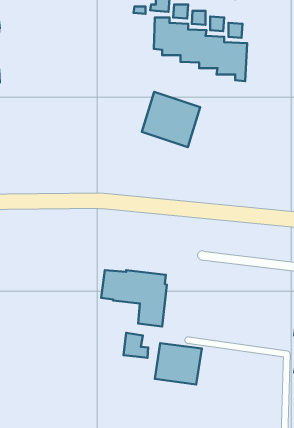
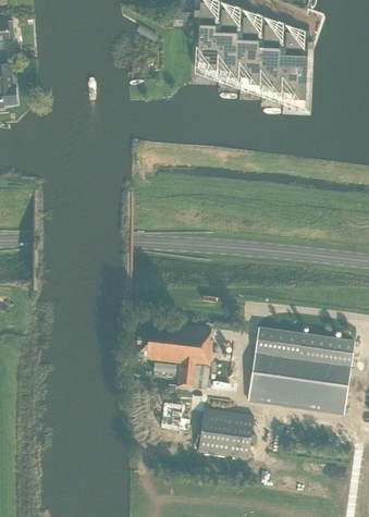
building: [142,92,200,147] -> none
building: none -> [248,328,354,413]

